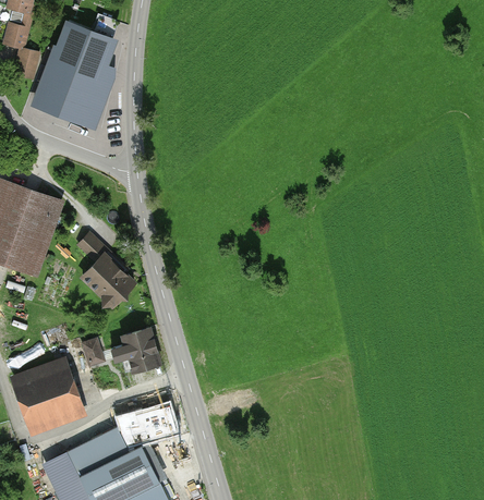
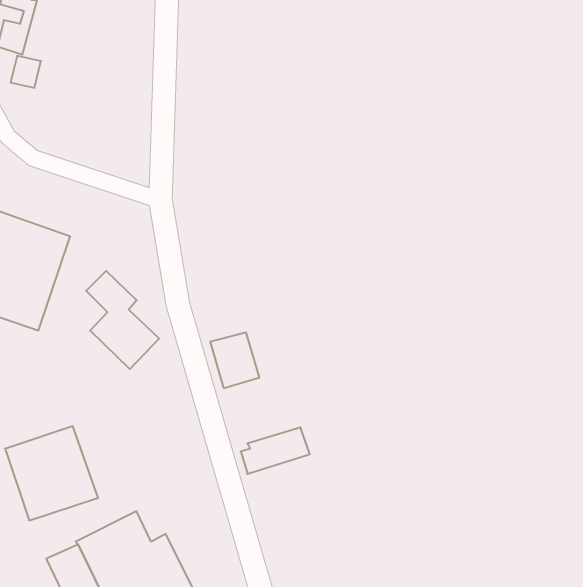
building: [31,22,118,130] -> none
building: [120,327,160,373] -> [210,332,259,388]
building: [81,338,105,367] -> none
building: [122,402,179,440] -> [241,427,310,474]

